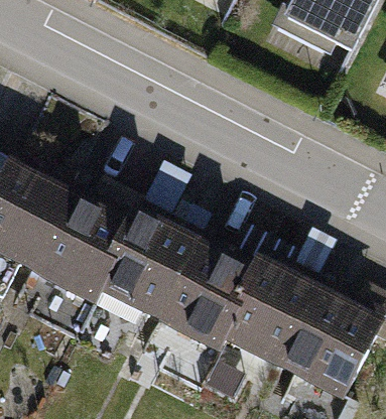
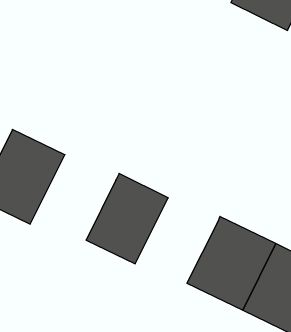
building: [43,193,145,306] -> none
building: [168,245,266,353] -> none

